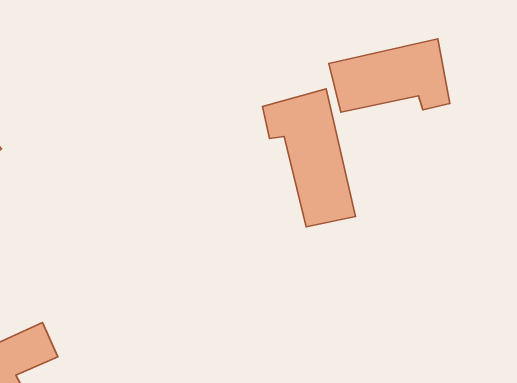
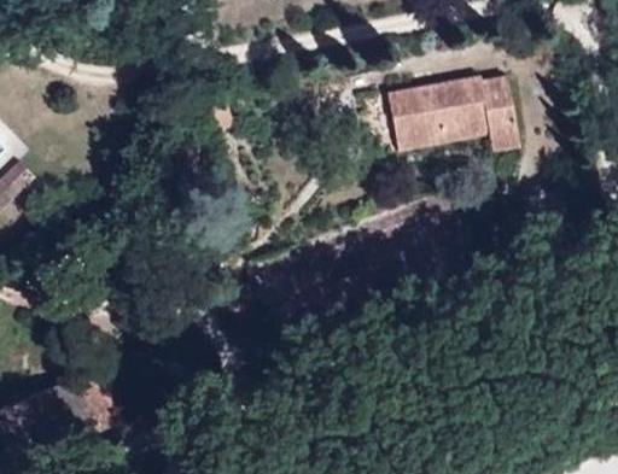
building: [263,89,355,227] -> none

